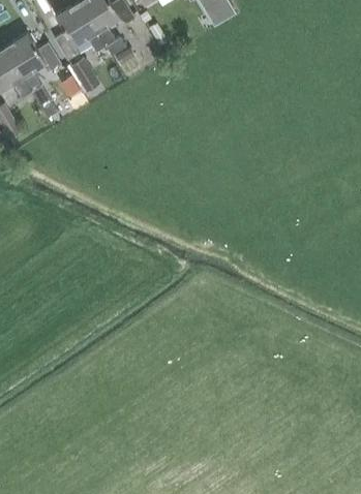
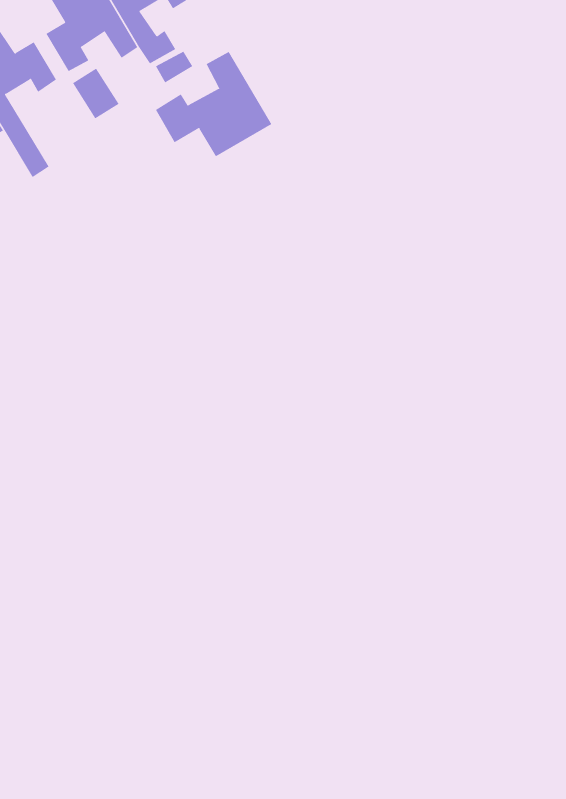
building: none -> [155,51,272,157]

